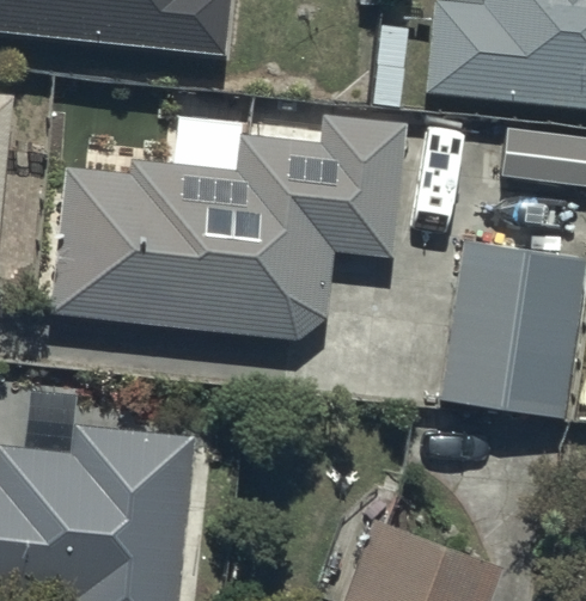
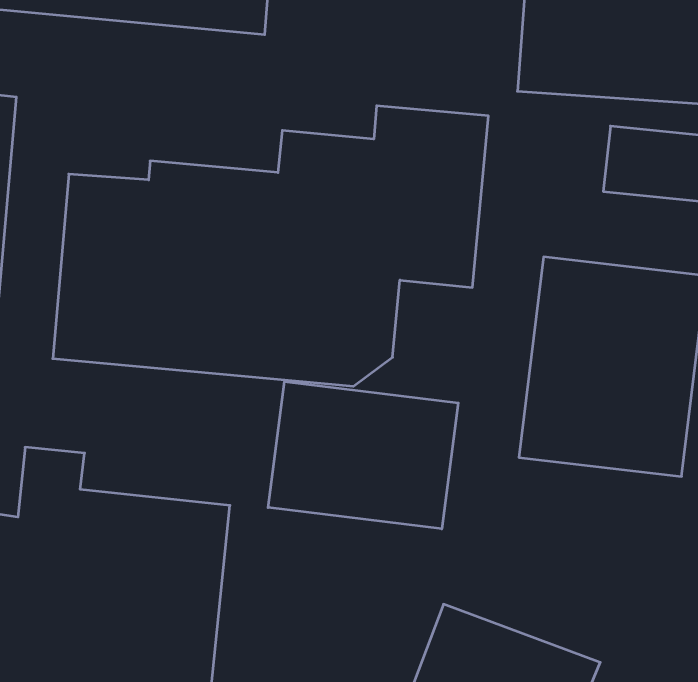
building: none -> [268,381,458,529]

